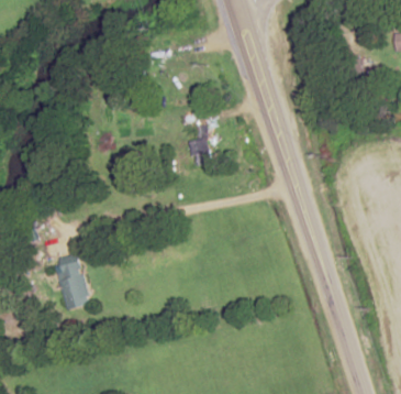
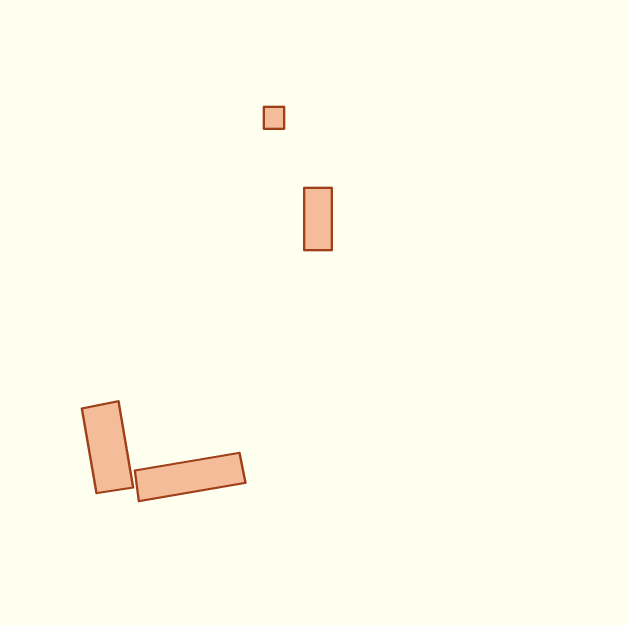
building: none -> [135,453,245,501]

